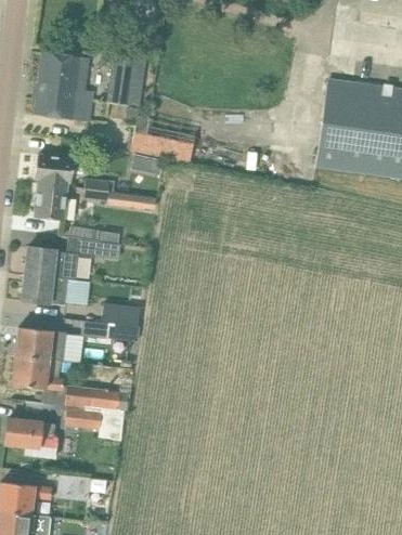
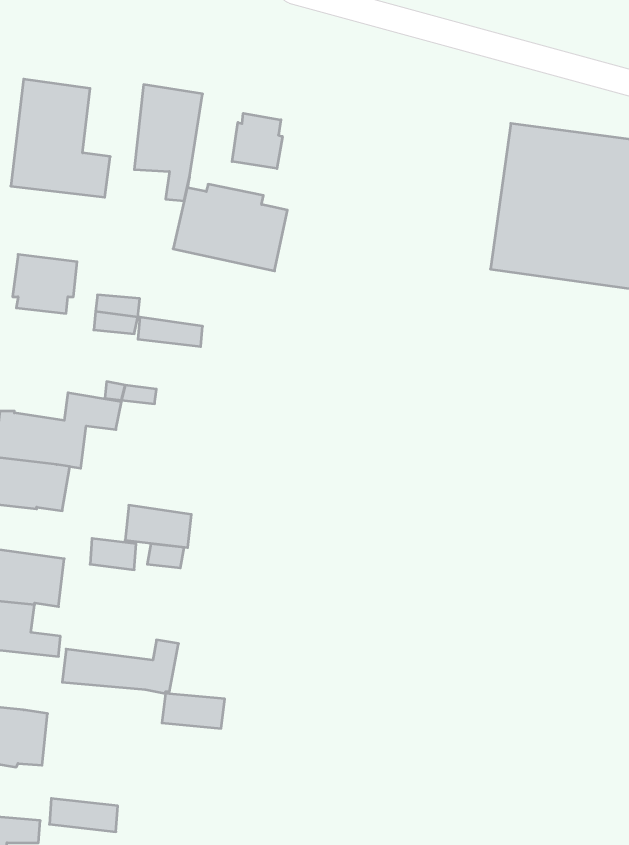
building: none -> [232,113,282,169]
building: [35,186,67,220] -> none
building: [65,408,102,429] -> [162,693,225,728]

